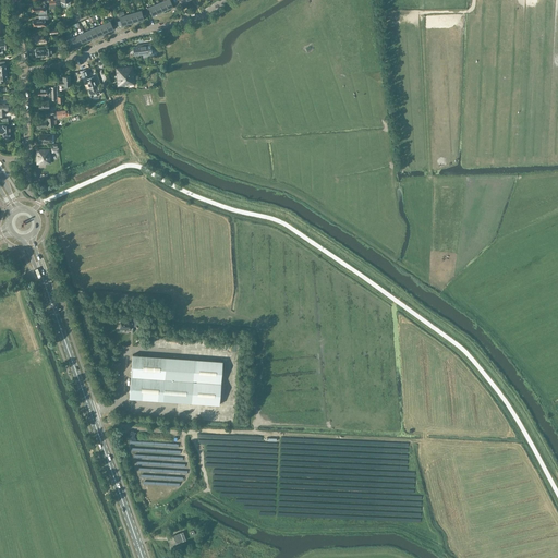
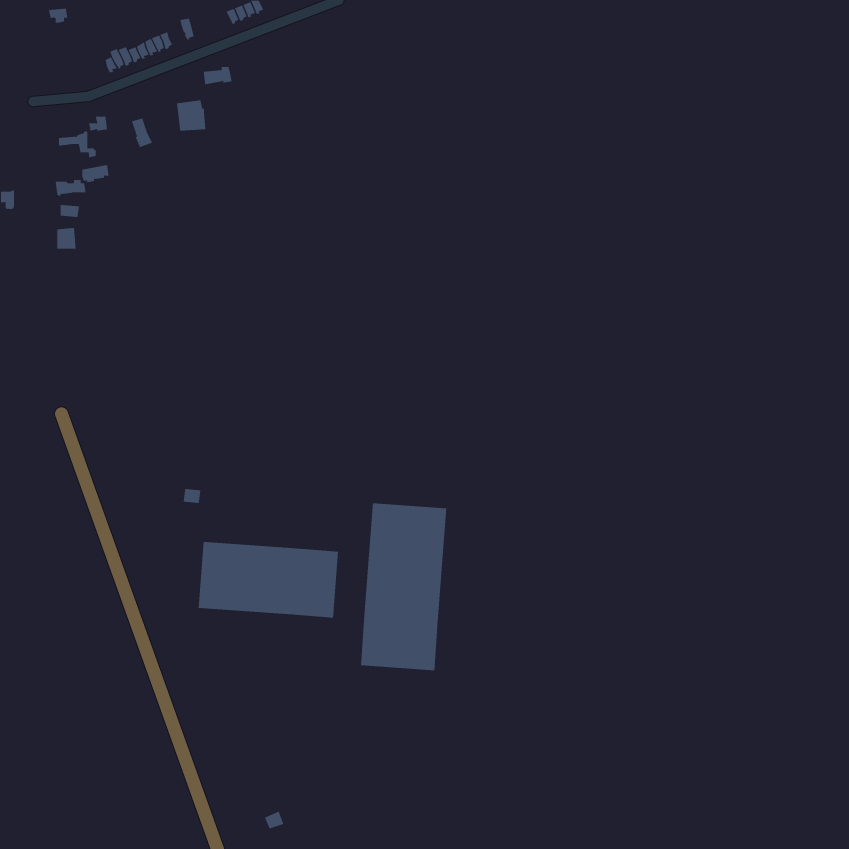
building: none -> [361,502,447,671]

